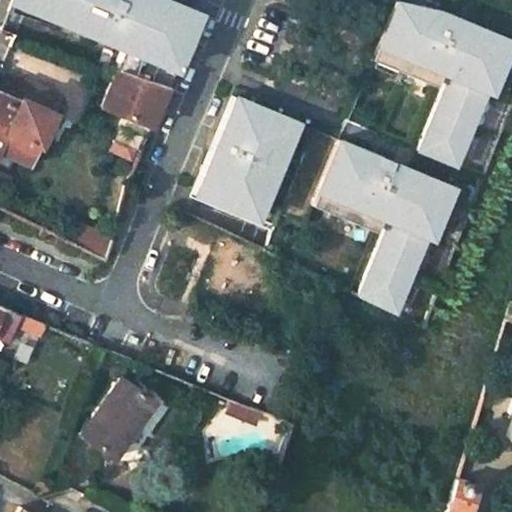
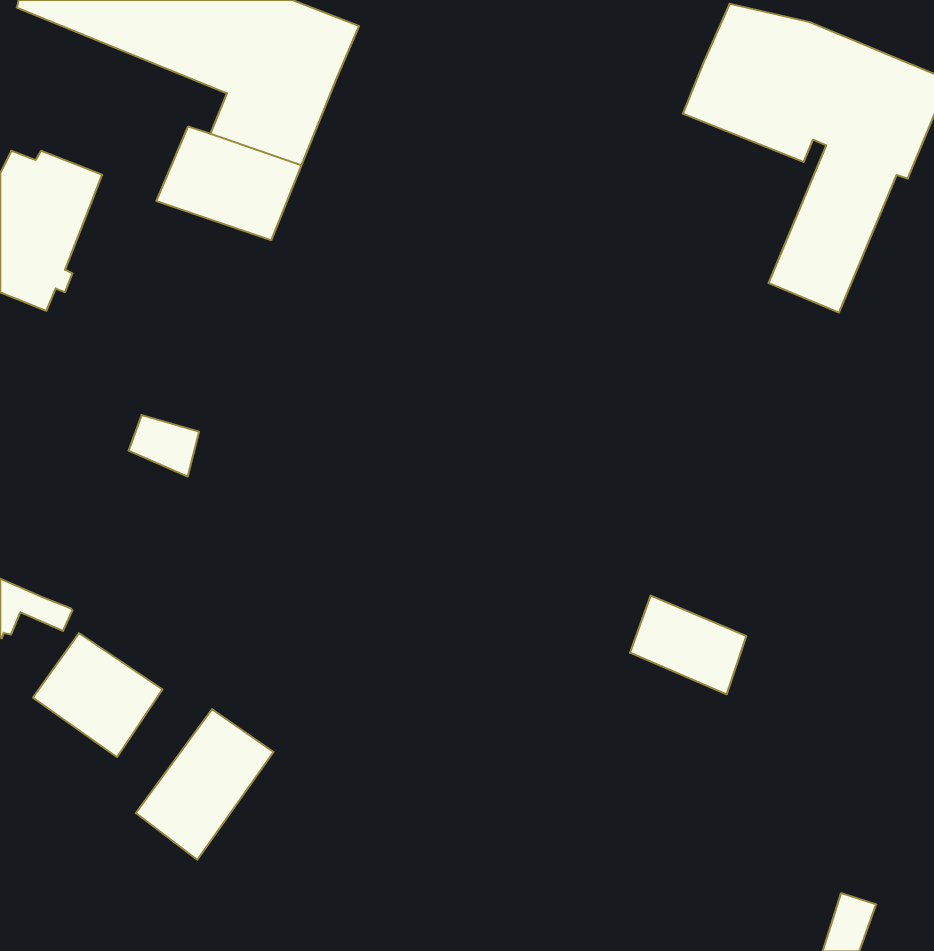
building: [197,98,300,222] -> none
building: [317,139,459,313] -> none
building: none -> [630,595,746,694]
building: none -> [33,633,163,757]

